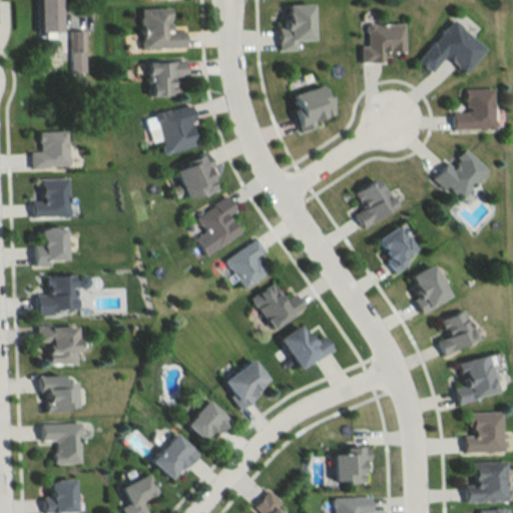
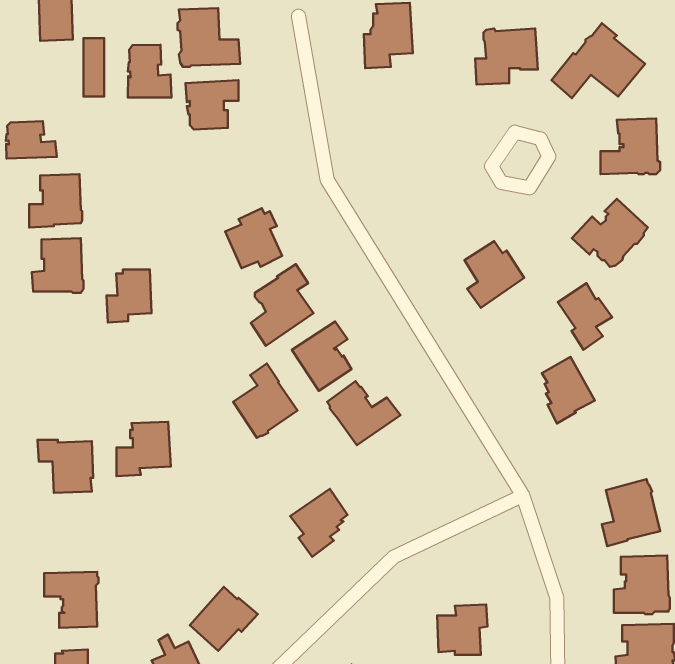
building: none -> [128,45,171,98]
building: [295,85,337,132] -> none
building: none -> [6,121,57,159]
building: [158,105,200,155] -> none
building: [378,225,418,275] -> [558,283,612,350]
building: [37,227,70,267] -> [106,269,151,323]
building: none -> [233,364,297,438]
building: [39,277,79,317] -> [117,422,171,476]
building: [439,310,479,356] -> none
building: [282,326,337,370] -> none
building: [42,375,79,413] -> none
building: [189,400,235,441] -> none

